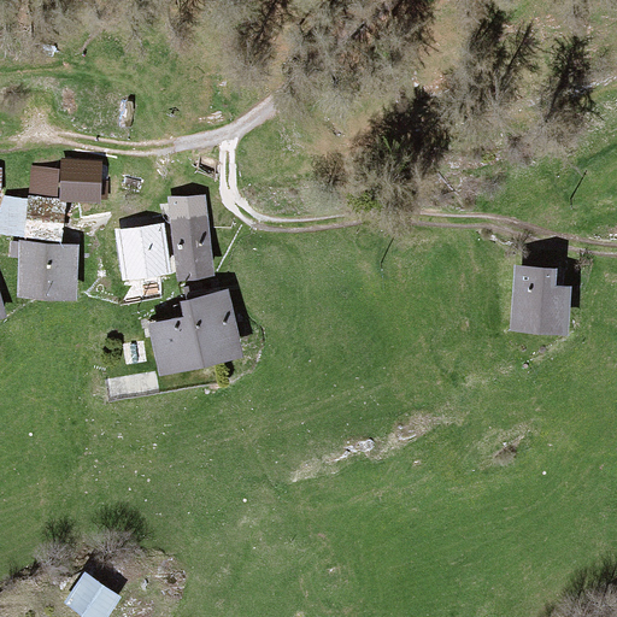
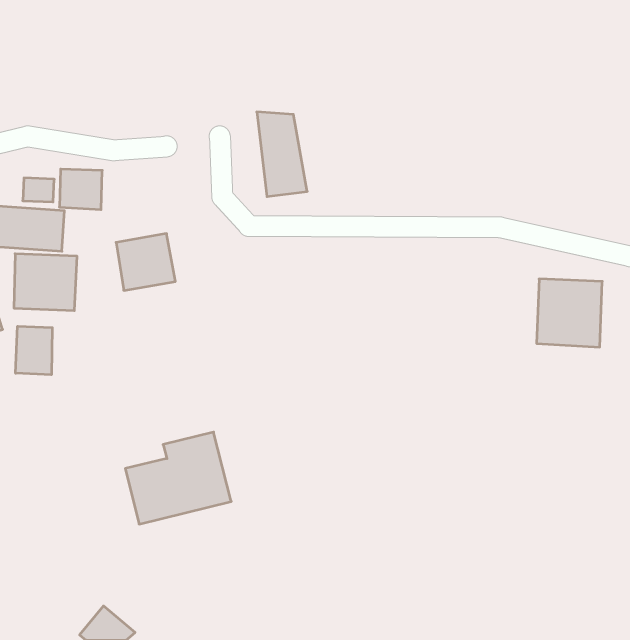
building: [165,198,213,278] -> [257,112,307,197]
building: [147,287,248,375] -> [125,432,231,524]
building: none -> [16,326,52,375]

